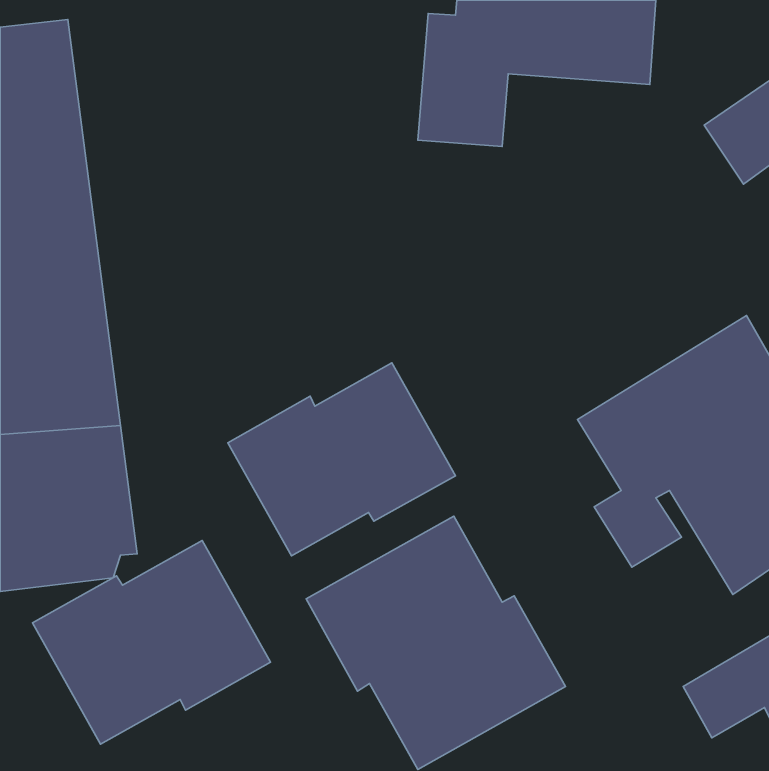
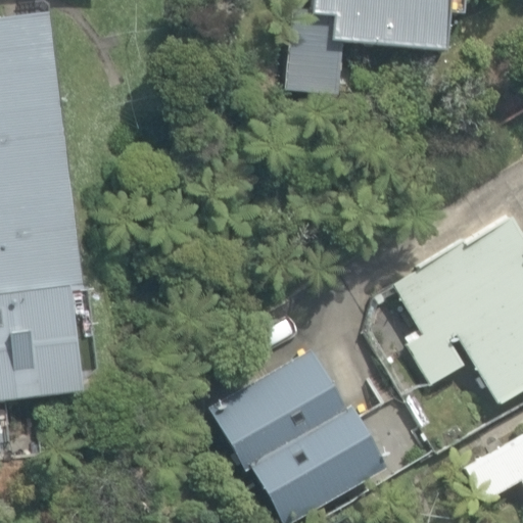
building: [228,363,455,556] -> none
building: [32,541,270,744] -> none

